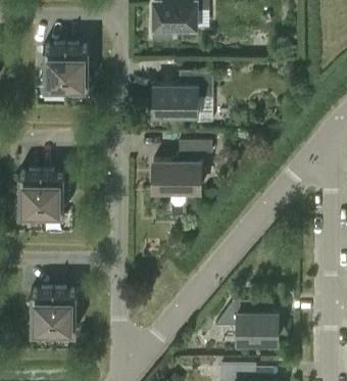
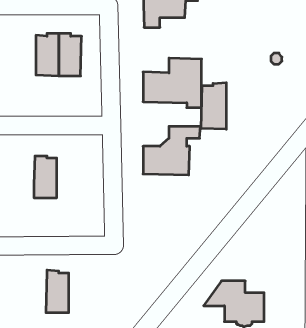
building: none -> [201,83,226,129]
building: [18,172,42,215] -> none
building: [31,289,54,333] -> none

